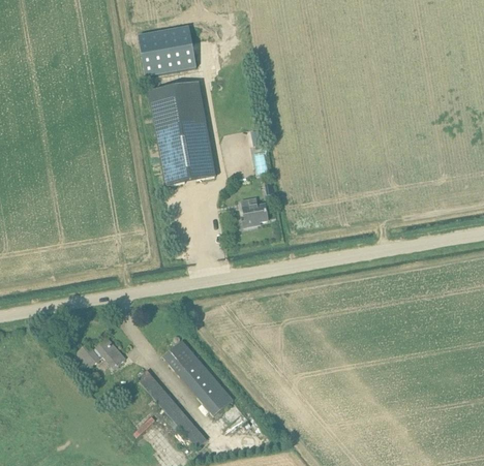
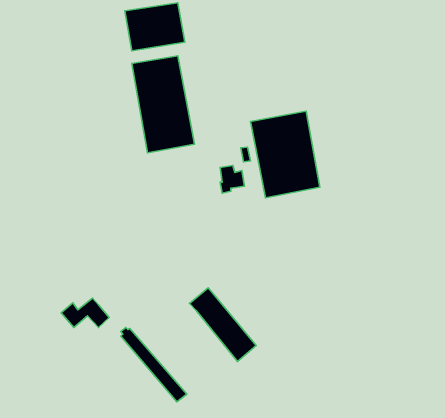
building: none -> [251,111,320,198]
building: [161,339,232,416] -> [189,288,256,361]

